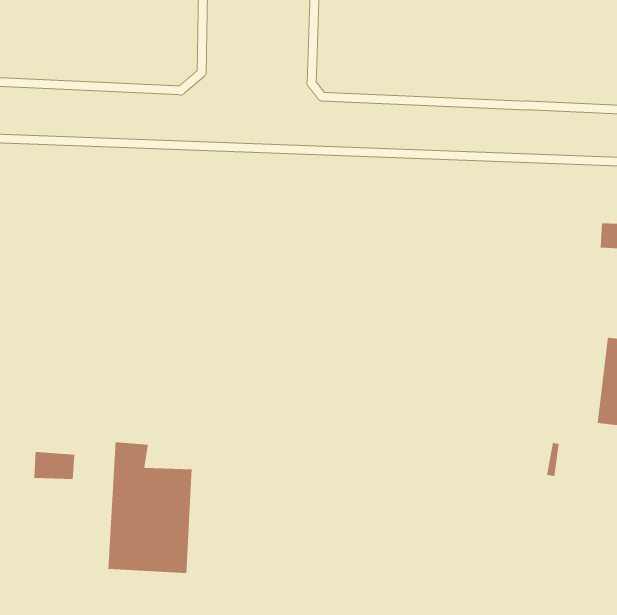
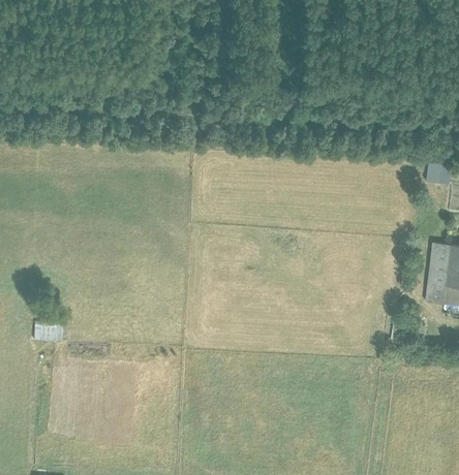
building: [108,441,192,574] -> none

